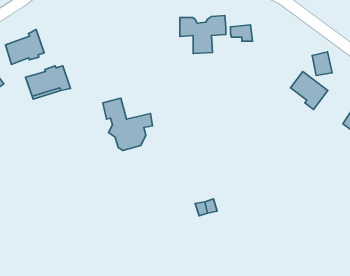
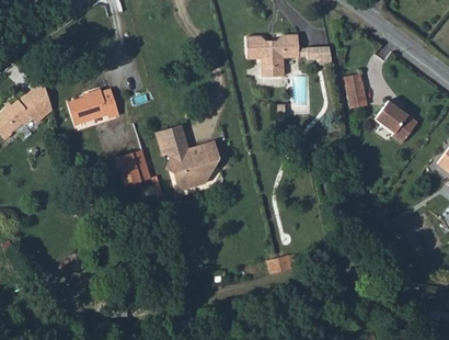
building: [5,29,44,64] -> none
building: [312,52,332,76] -> [345,78,368,105]
building: none -> [116,148,151,185]

